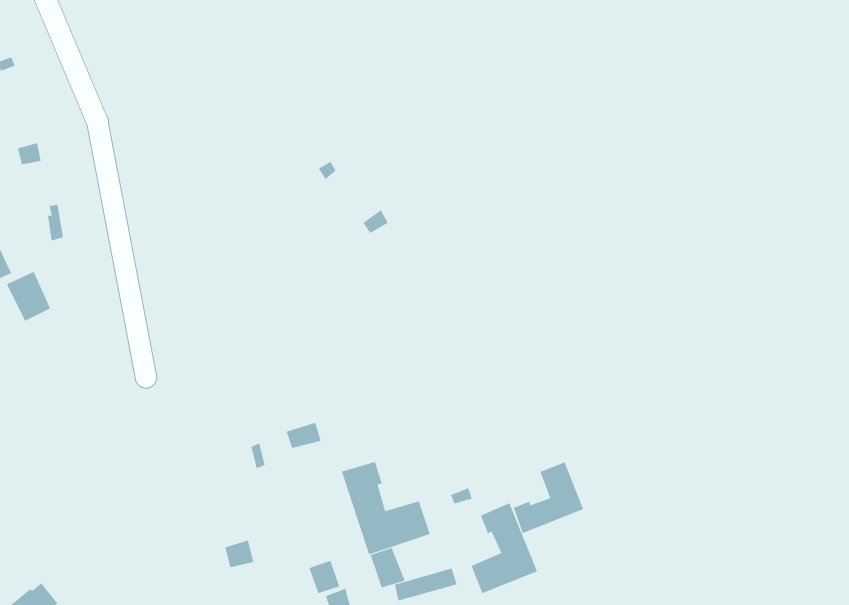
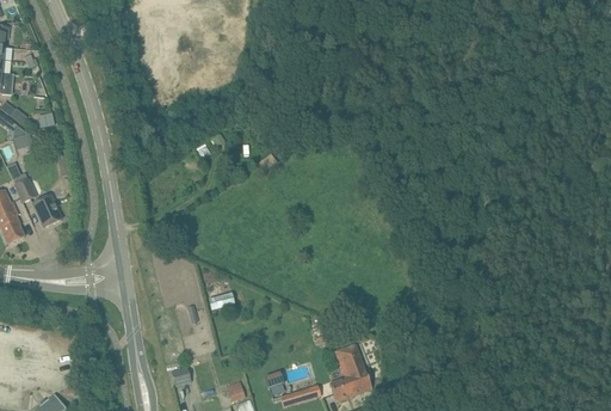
building: [341,461,431,555] -> none
building: [513,462,584,534] -> none

